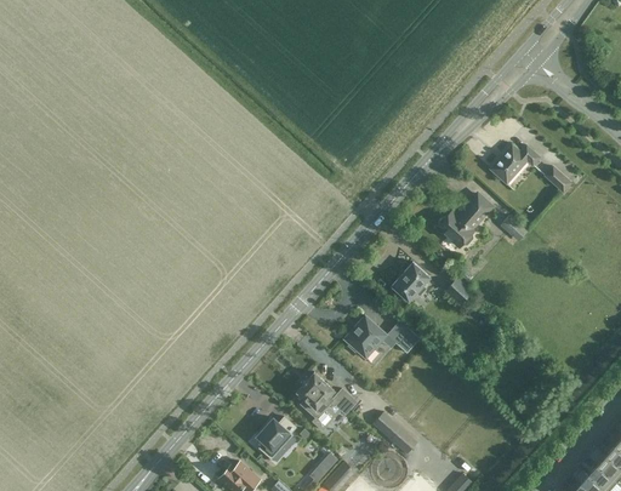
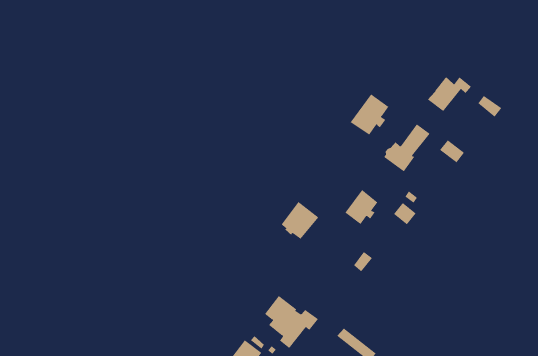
building: none -> [350,93,389,135]
building: [344,314,387,356] -> [281,201,319,240]

